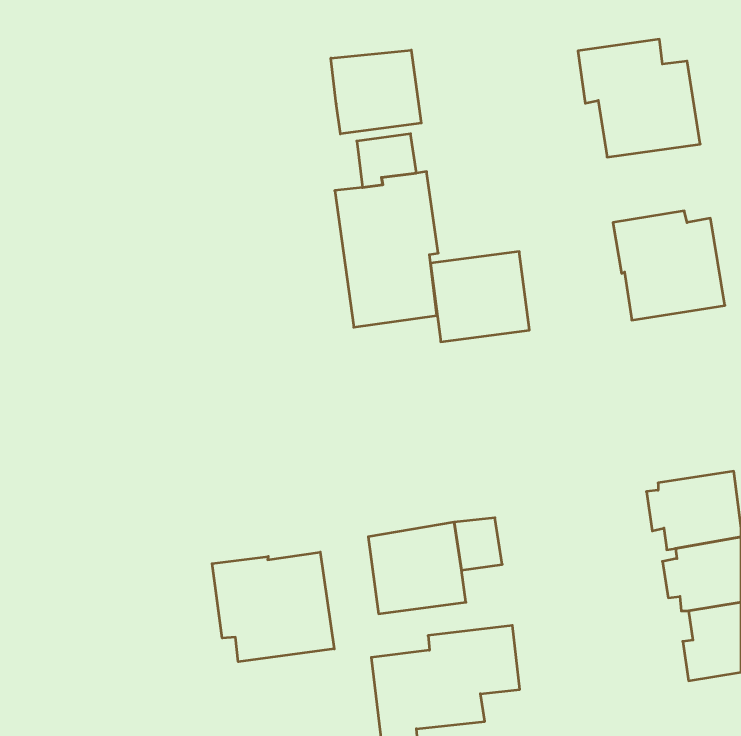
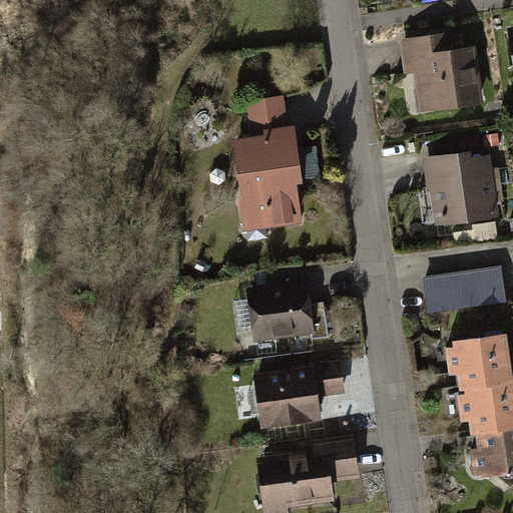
building: [331,50,421,134] -> none
building: [430,252,529,342] -> [245,281,314,343]
building: none -> [423,268,506,314]
building: [212,552,334,662] -> none

